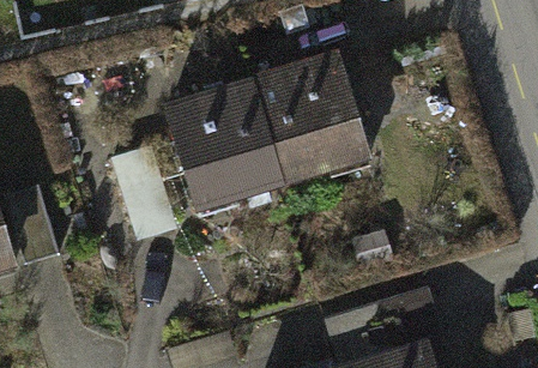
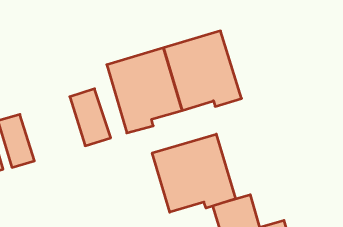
building: none -> [152,134,235,212]

